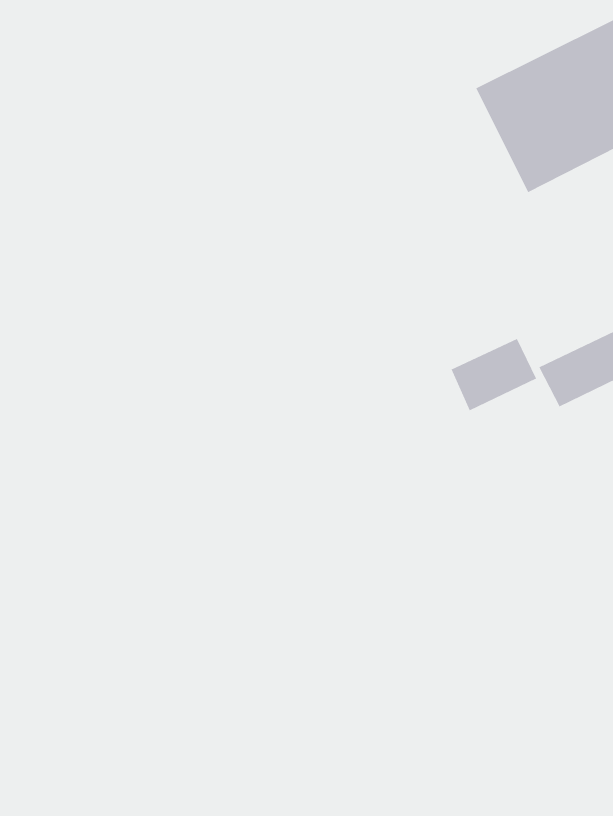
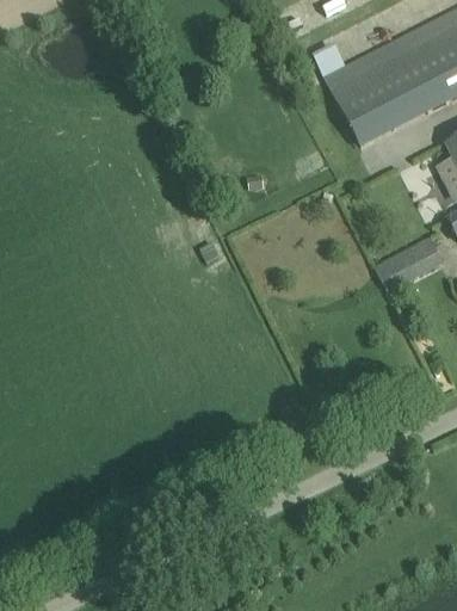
building: [451,338,537,411] -> none

